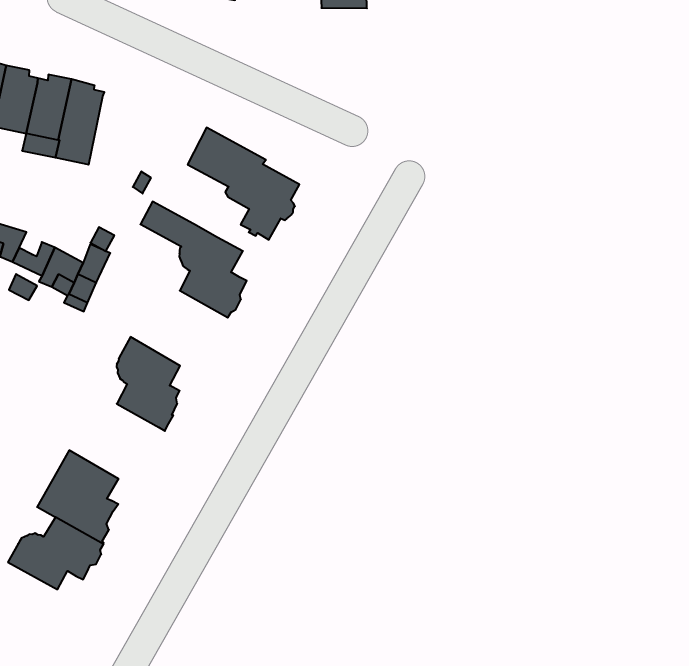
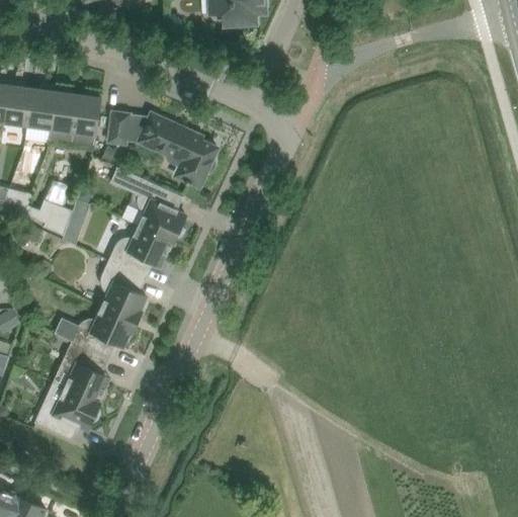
building: none -> [70,91,100,148]
building: none -> [106,112,128,145]
building: none -> [107,227,173,278]
building: none -> [53,308,134,359]

